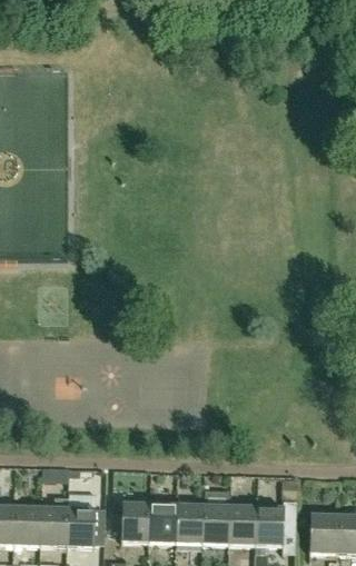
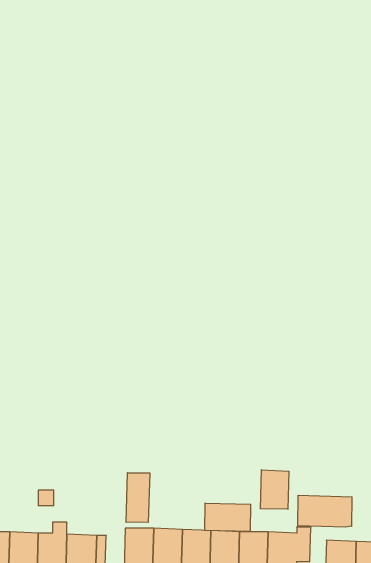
building: none -> [260,470,289,509]
building: none -> [126,473,150,522]
building: none -> [298,495,352,527]
building: none -> [205,503,251,532]

